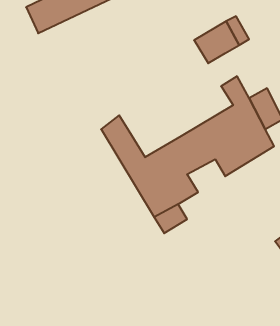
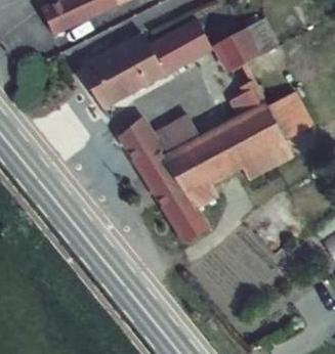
building: none -> [80,12,213,108]
building: none -> [149,118,202,164]

